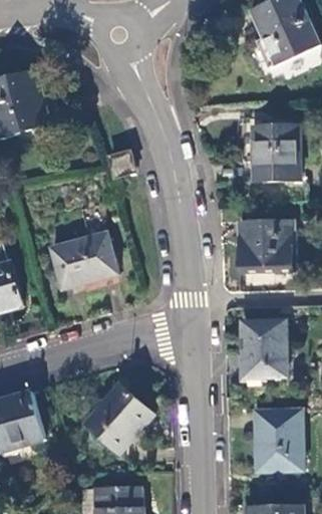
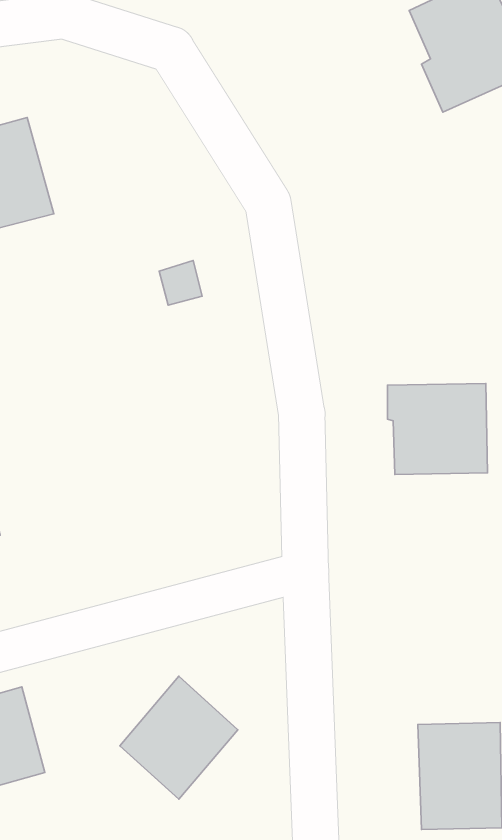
building: [254,126,299,182] -> none
building: [53,233,118,288] -> none
building: [244,321,287,376] -> none

